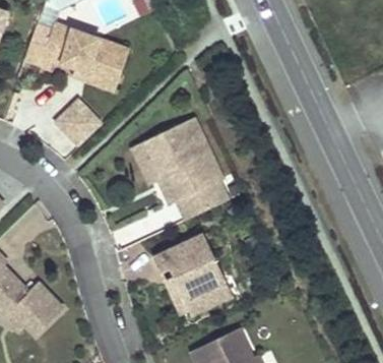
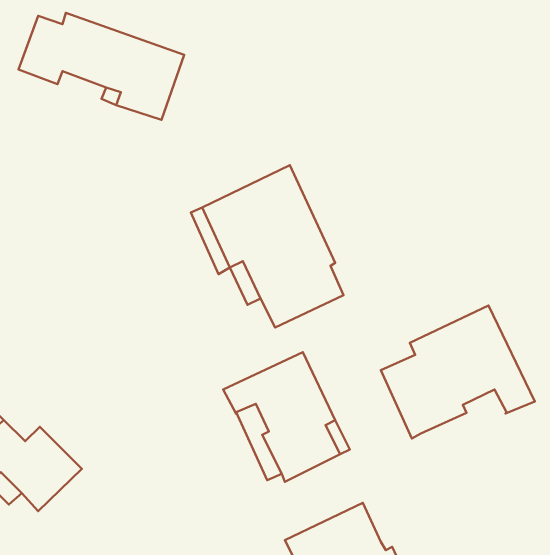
building: [55,101,101,146] -> none
building: none -> [381,305,535,438]

